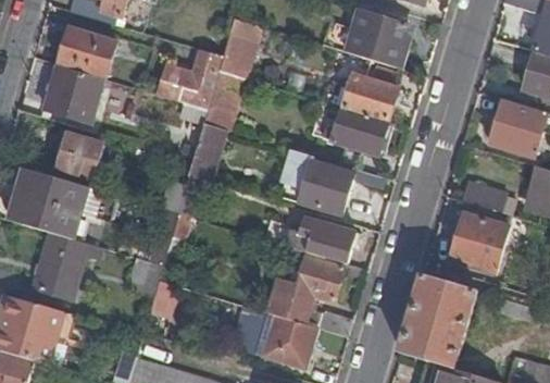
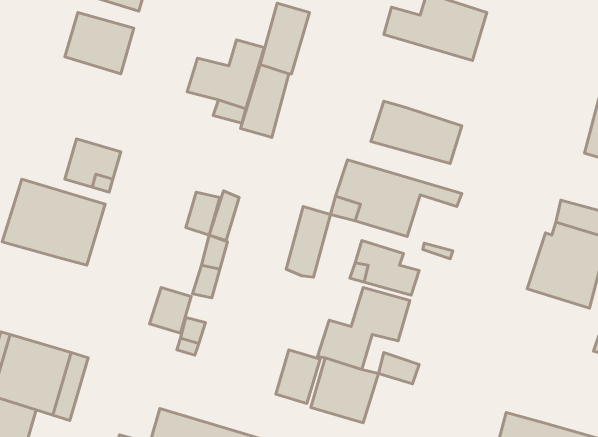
building: [23,67,103,122] -> none
building: [341,74,399,122] -> none
building: [189,124,226,183] -> [286,207,330,277]
building: [35,232,101,298] -> none
building: [399,274,476,369] -> none

